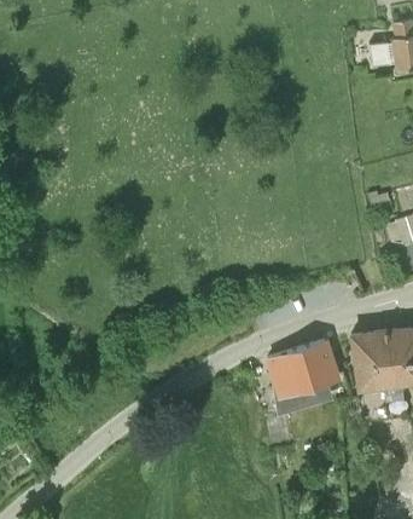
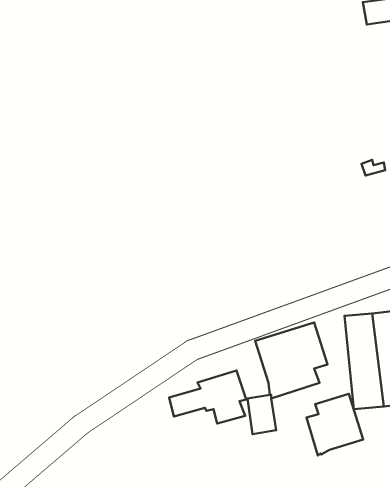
building: none -> [169,370,246,424]
building: none -> [307,394,363,455]

